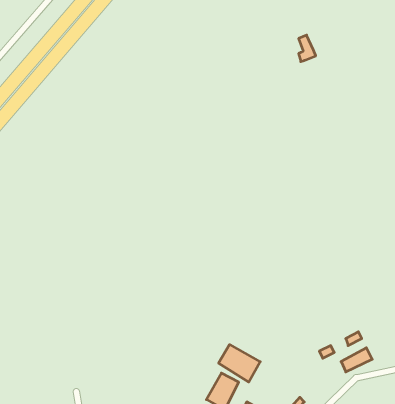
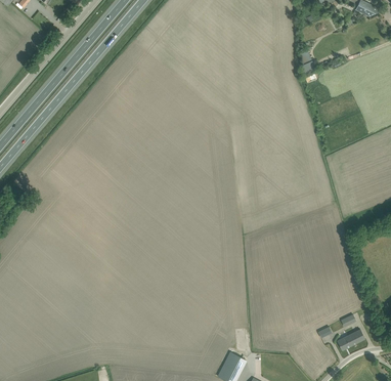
building: [219,345,260,382] -> none

